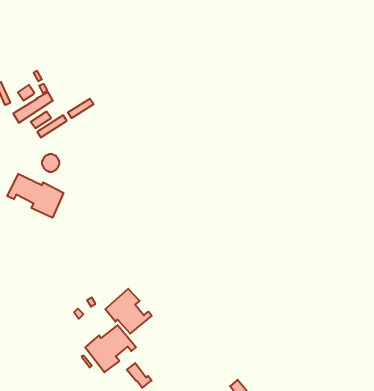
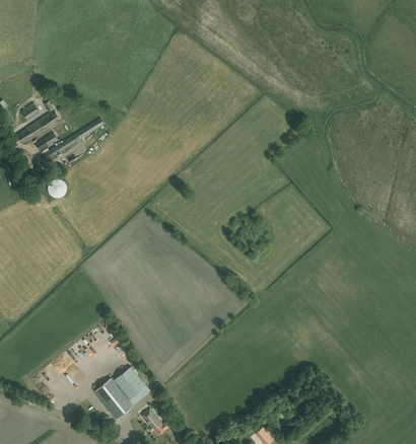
building: [7,174,63,218] -> none
building: [105,289,152,334] -> none

